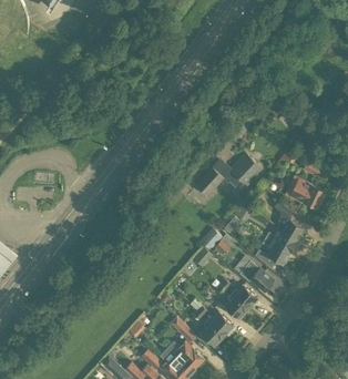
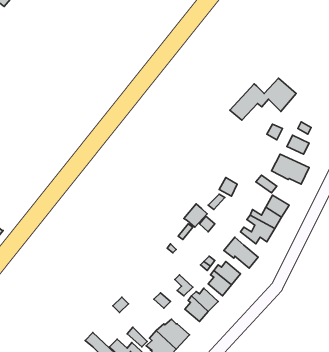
building: [196,154,263,196] -> [230,78,296,120]

